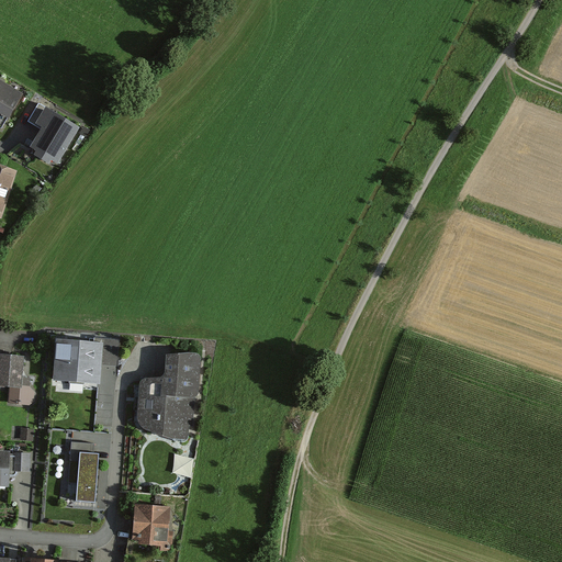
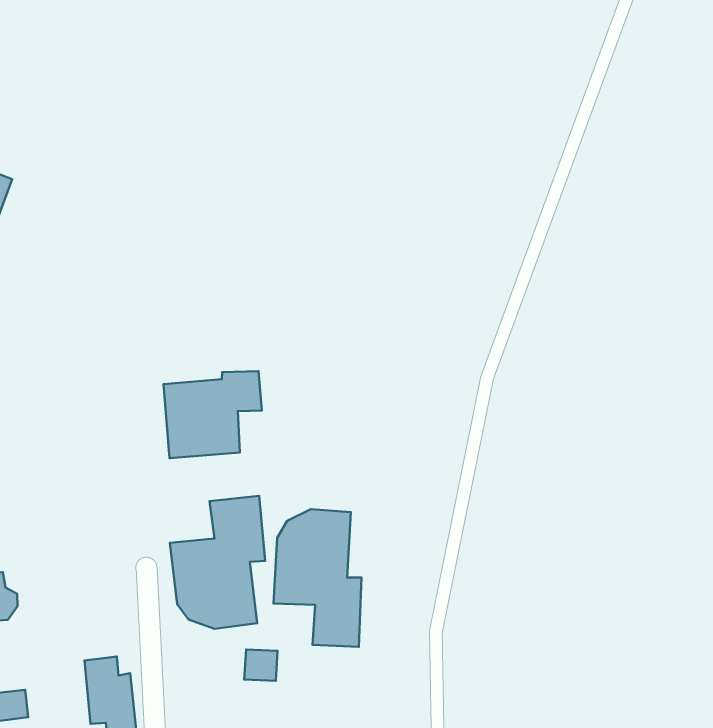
building: [52,336,117,389] -> [163,371,262,458]
building: none -> [274,509,361,647]

